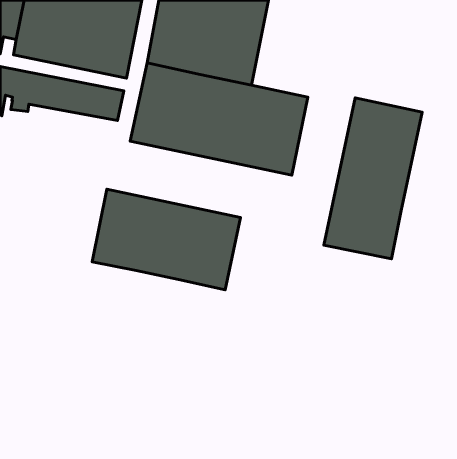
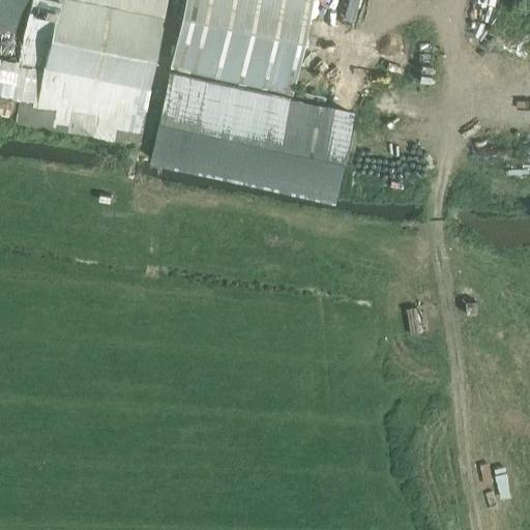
building: [324,98,422,259] -> none
building: [92,189,241,290] -> none

